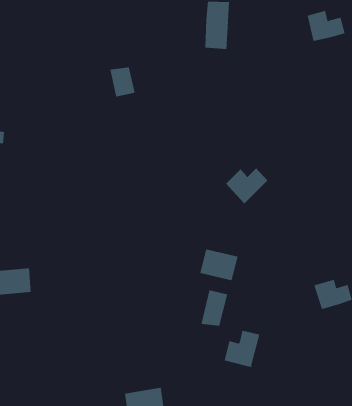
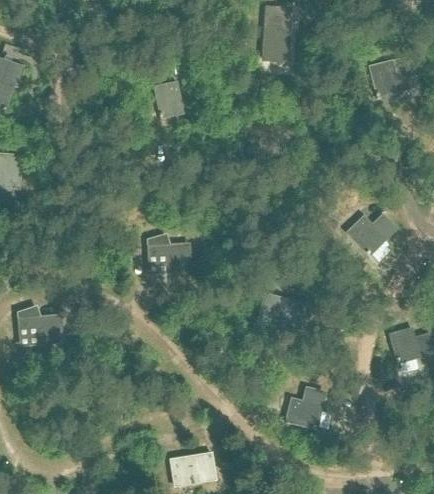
building: [307,10,346,41] -> [370,59,415,95]
building: [225,168,268,204] -> [347,213,397,255]
building: none -> [147,242,192,272]
building: [201,289,228,327] -> none

